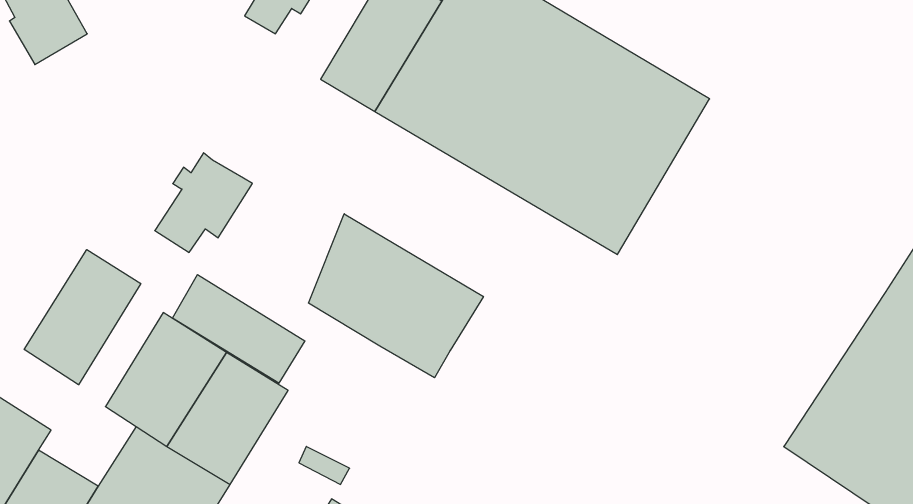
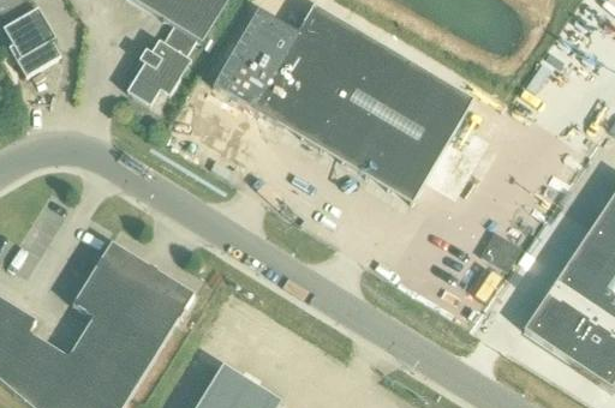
building: [155,153,252,252] -> [126,40,191,106]
building: [308,214,483,378] -> none
building: [24,250,141,385] -> none
building: [172,275,305,383] -> none

